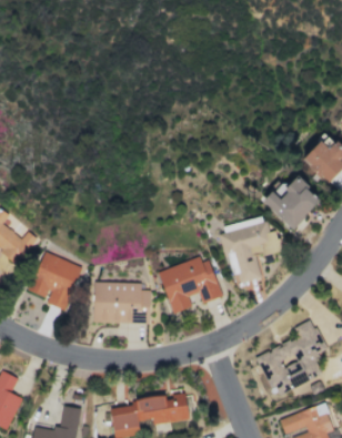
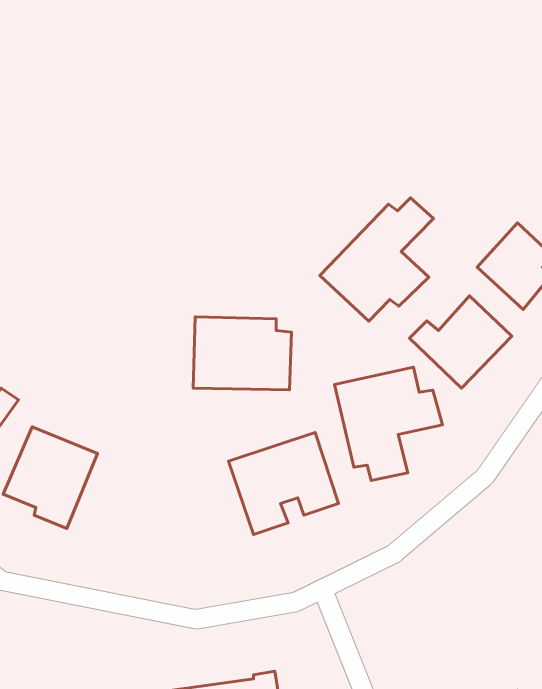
building: none -> [320,198,434,321]
building: [93,282,150,324] -> [193,317,291,390]
building: [258,318,326,397] -> none

